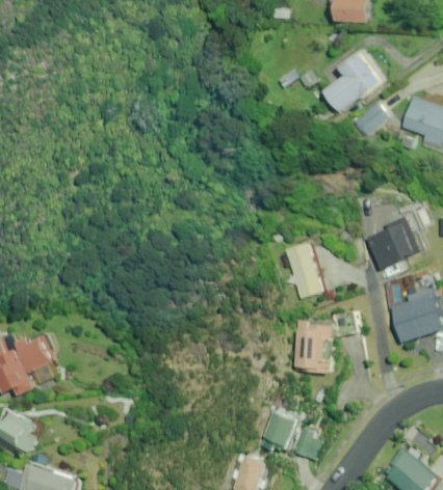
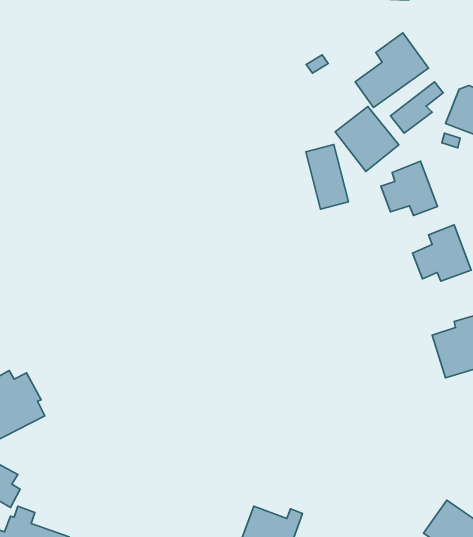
building: none -> [335,106,399,171]
building: none -> [381,161,437,216]
building: [287,243,323,298] -> [306,144,349,209]
building: [292,319,336,373] -> none
building: [259,398,323,461] -> none

